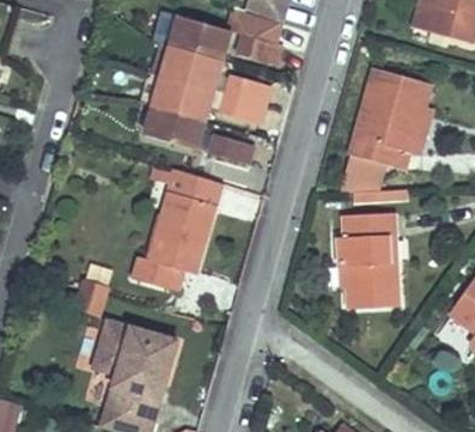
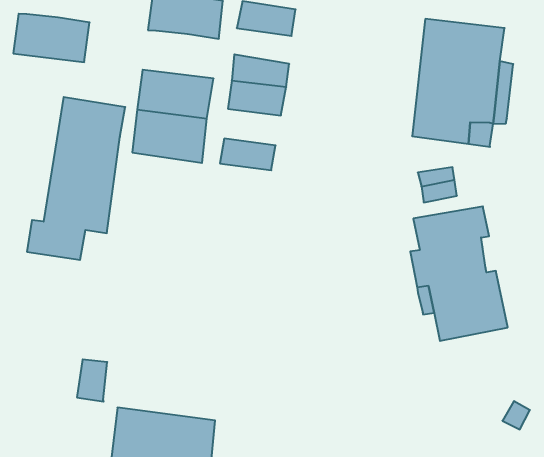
building: [160,44,220,87] -> [13,14,90,62]
building: [133,166,221,288] -> [27,97,125,260]

